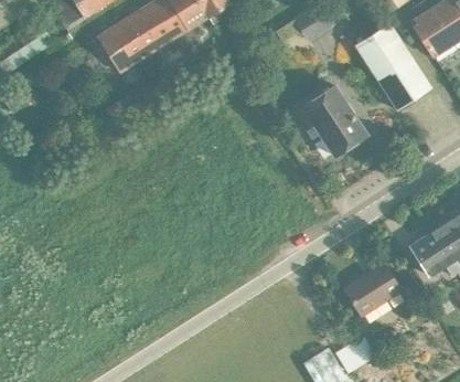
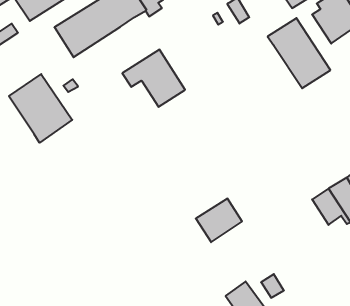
building: [289,85,365,155] -> [122,50,185,107]
building: none -> [9,74,72,143]
building: [343,263,399,316] -> [196,199,242,242]

